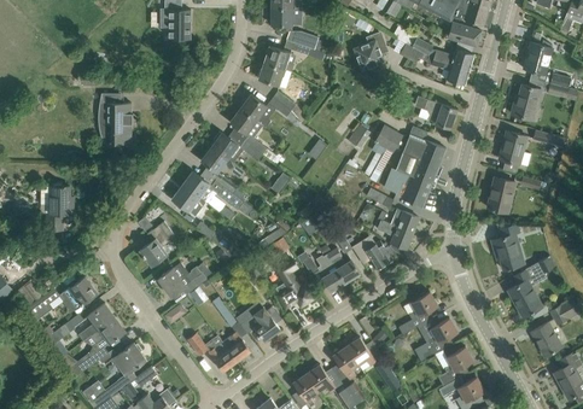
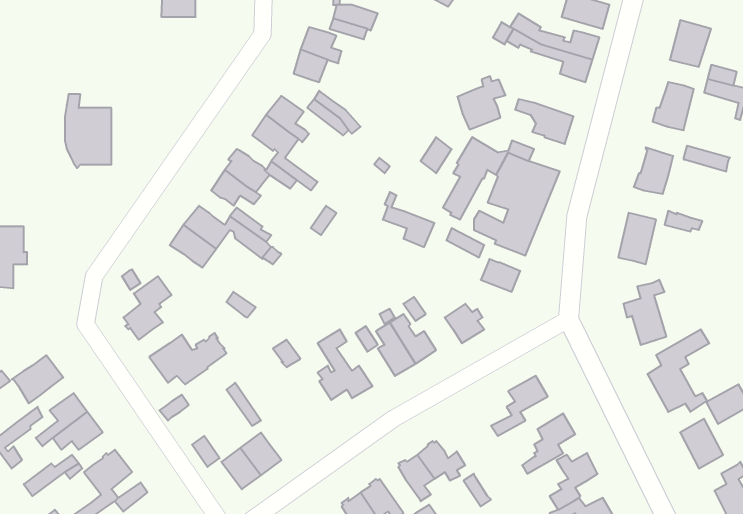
building: [354,34,387,71] -> [457,76,506,129]
building: [377,211,413,250] -> [383,192,434,247]
building: [237,303,281,340] -> none

